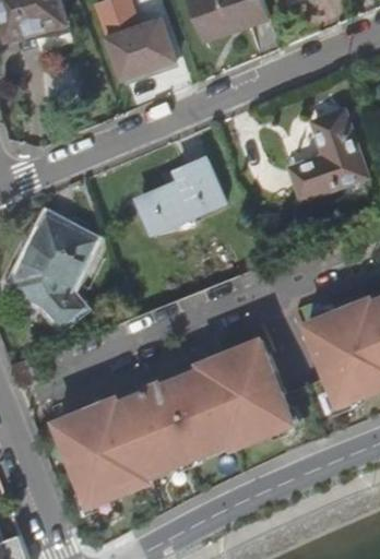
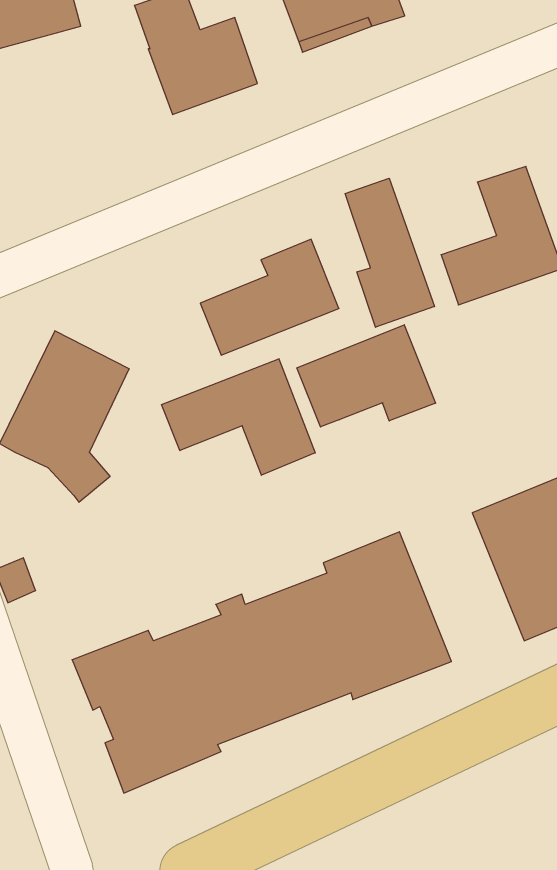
building: none -> [345,178,434,327]
building: none -> [297,325,436,427]
building: none -> [162,359,315,475]

